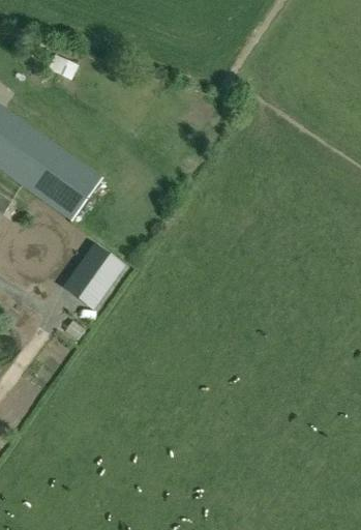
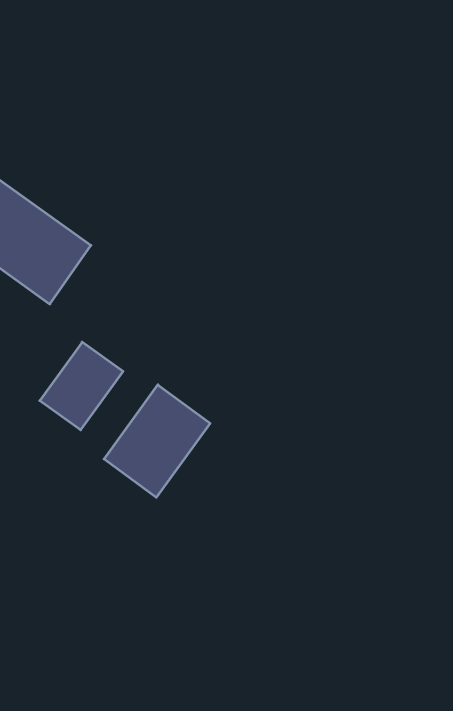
building: none -> [104,385,210,497]

